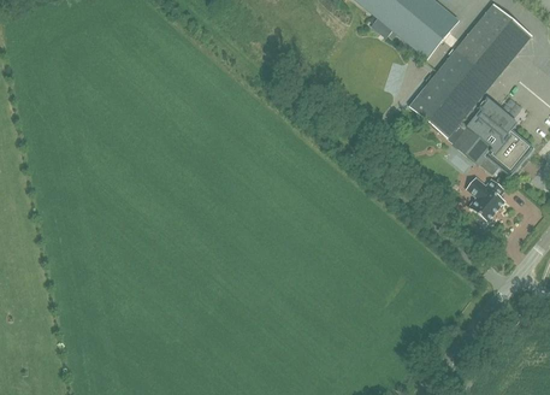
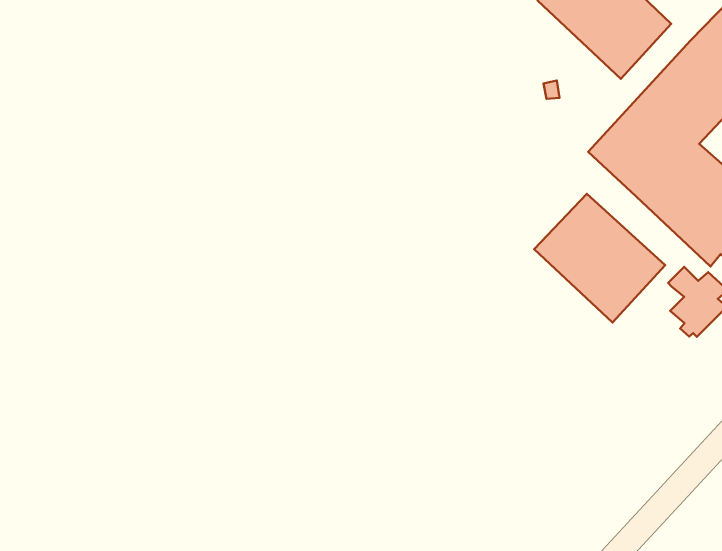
building: none -> [534,194,665,322]

